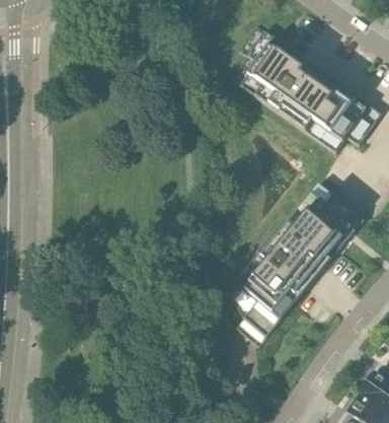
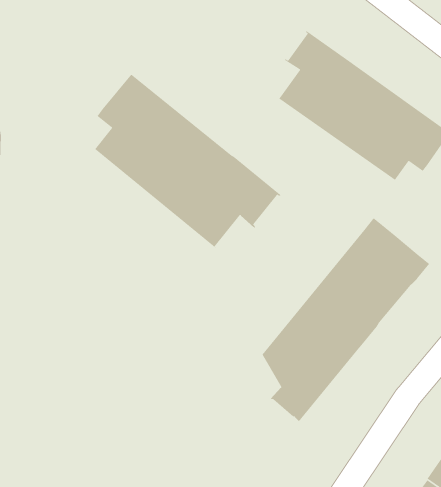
building: none -> [94,74,282,249]

